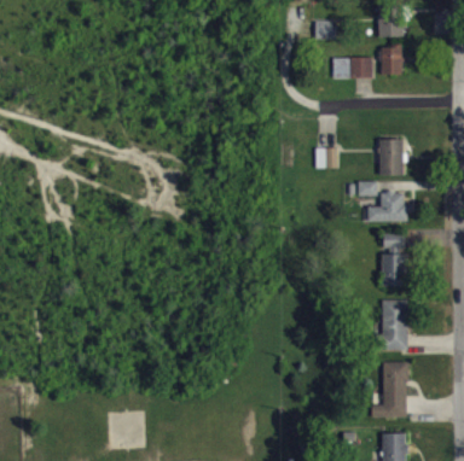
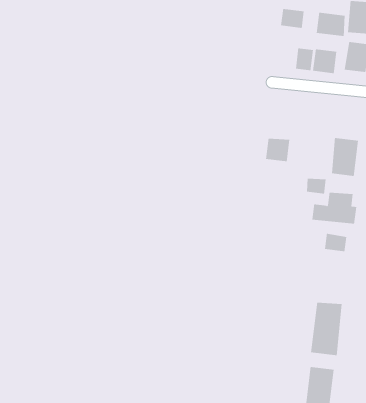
building: none -> [316,12,345,37]
building: [382,255,407,287] -> none

